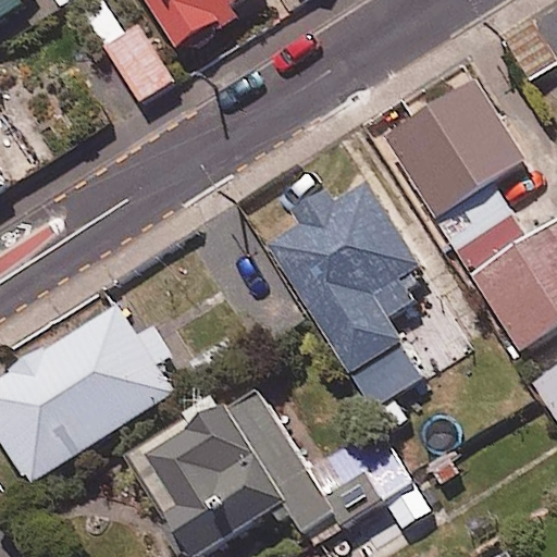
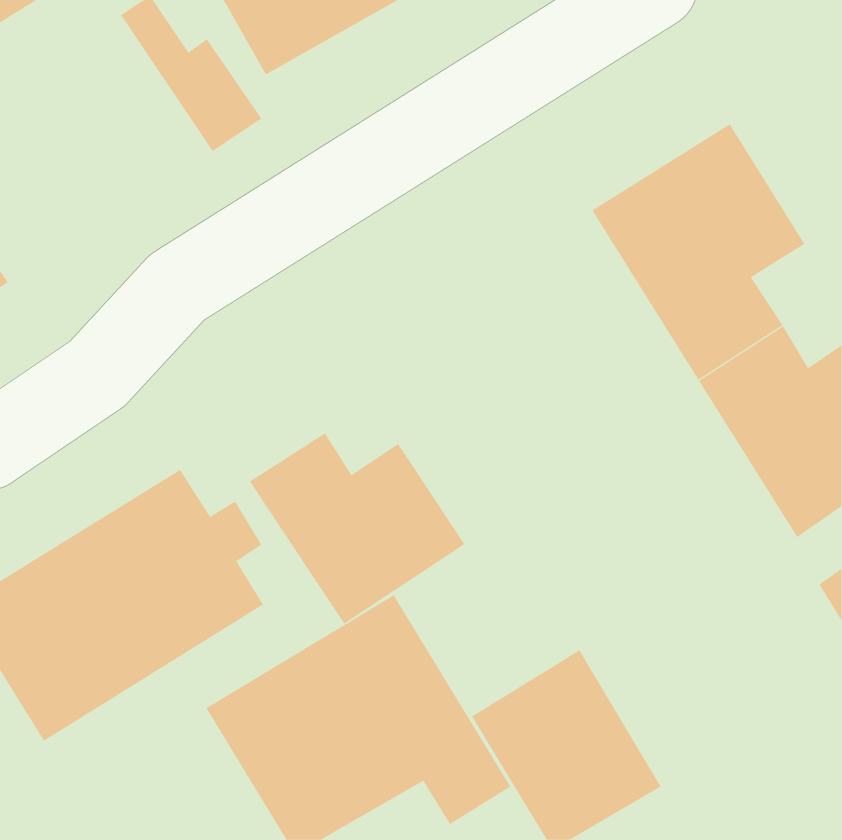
building: [265,177,433,405] -> none
building: none -> [249,432,465,625]

